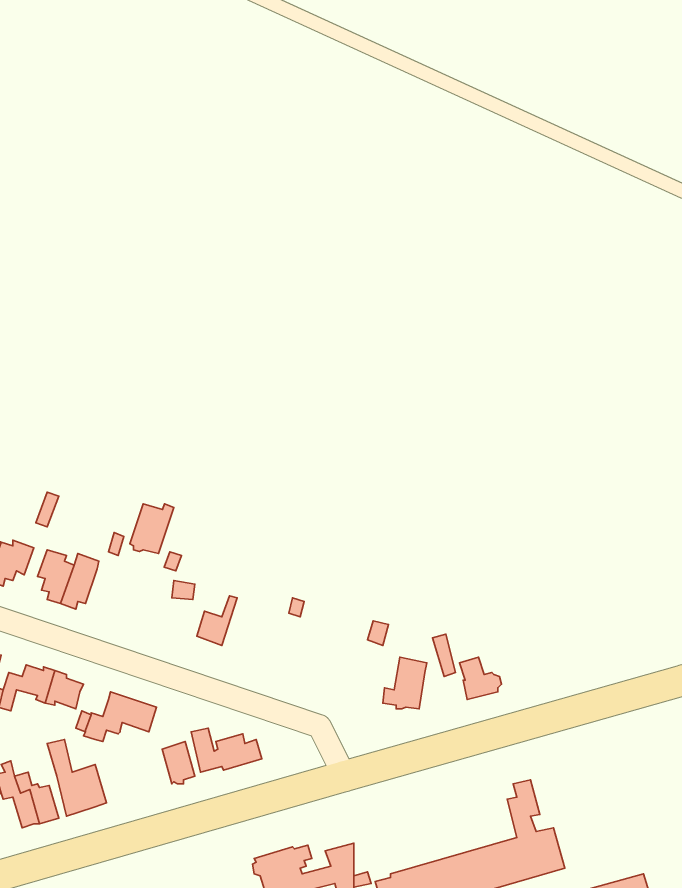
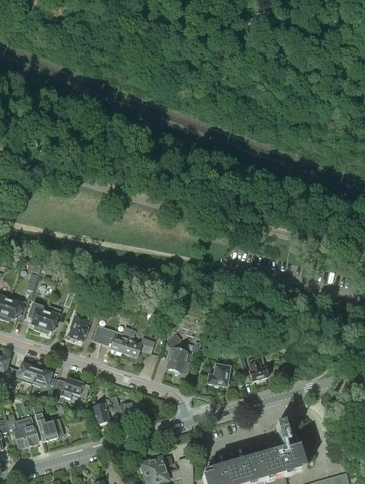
building: [130,504,174,554] -> [67,315,90,341]
building: none -> [123,328,154,357]
building: none -> [166,333,189,375]

